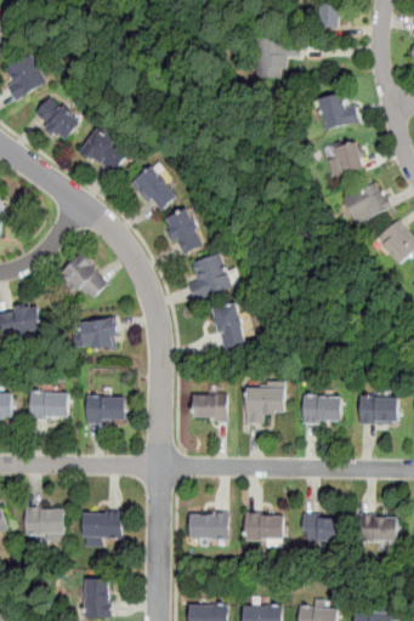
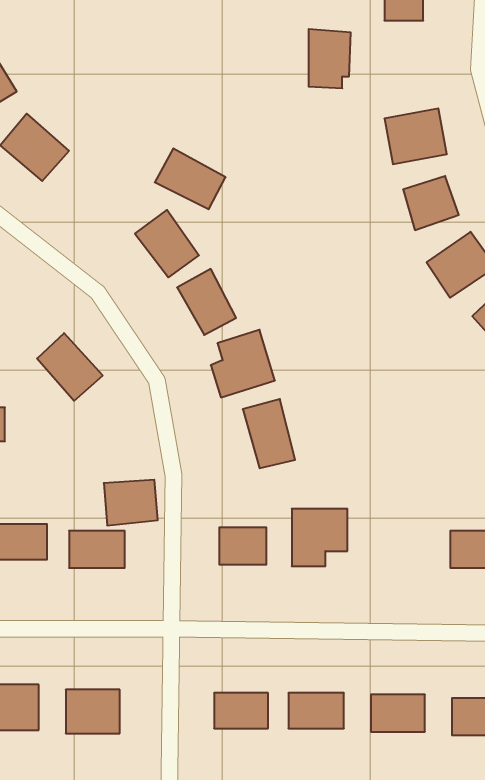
building: [78,131,129,175] -> [155,148,226,209]
building: [78,318,117,351] -> [104,480,158,525]
building: [301,394,340,420] -> none

